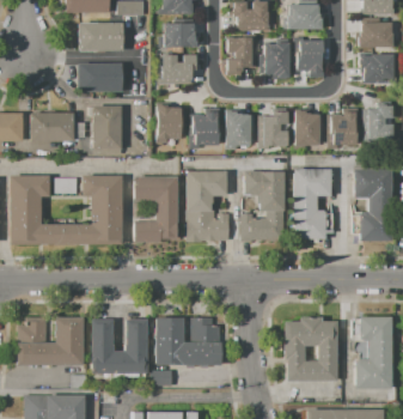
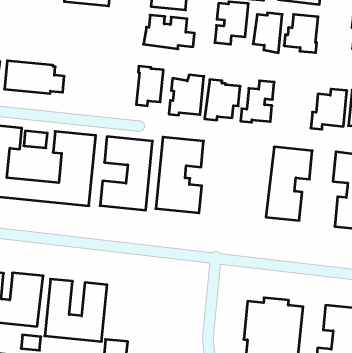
building: [80,63,122,92] -> none
building: [93,107,120,150] -> none
building: [295,111,325,150] -> none
building: [242,171,285,242] -> none
building: [157,317,221,364] -> none

